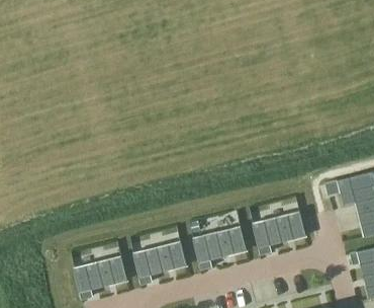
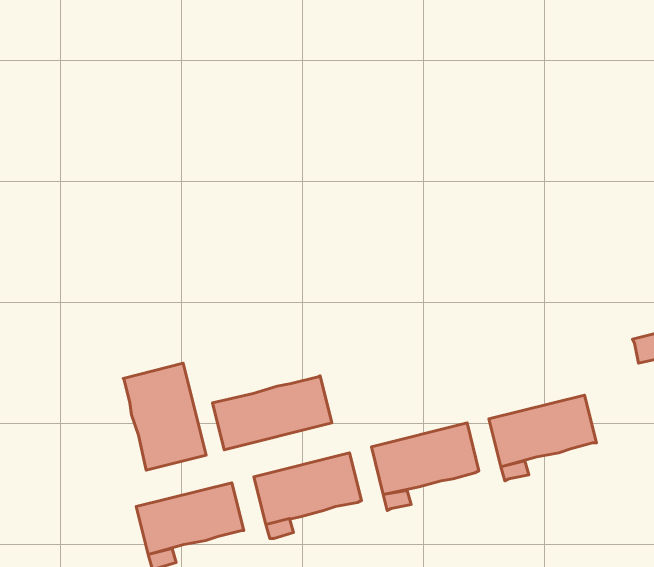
building: none -> [123,363,206,470]
building: none -> [212,376,332,450]

